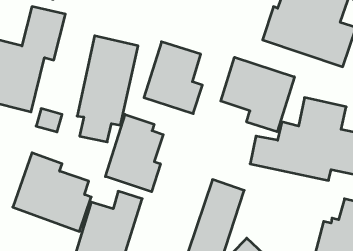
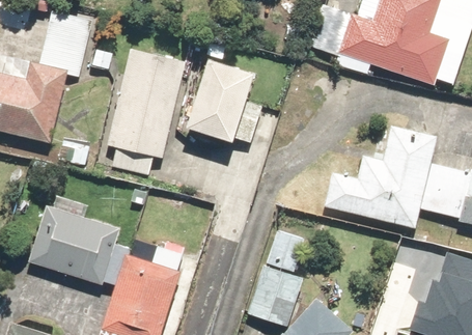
building: [221,57,294,132] -> none
building: [105,114,163,192] -> none

